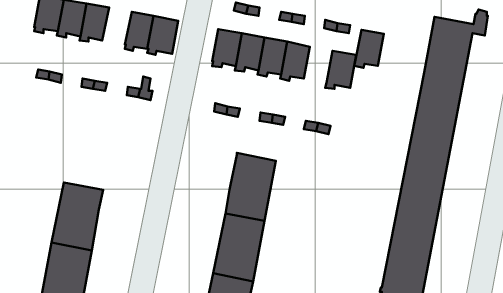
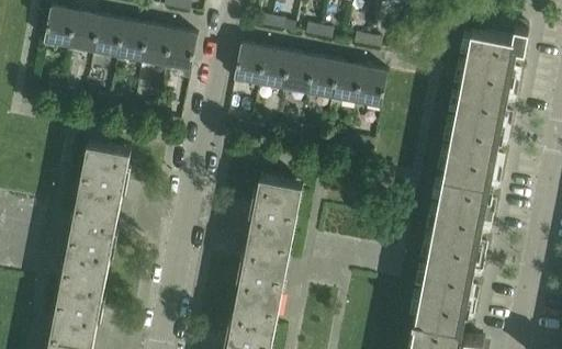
building: none -> [116,20,148,60]
building: [354,30,384,68] -> [330,61,362,102]
building: none -> [76,142,131,214]

